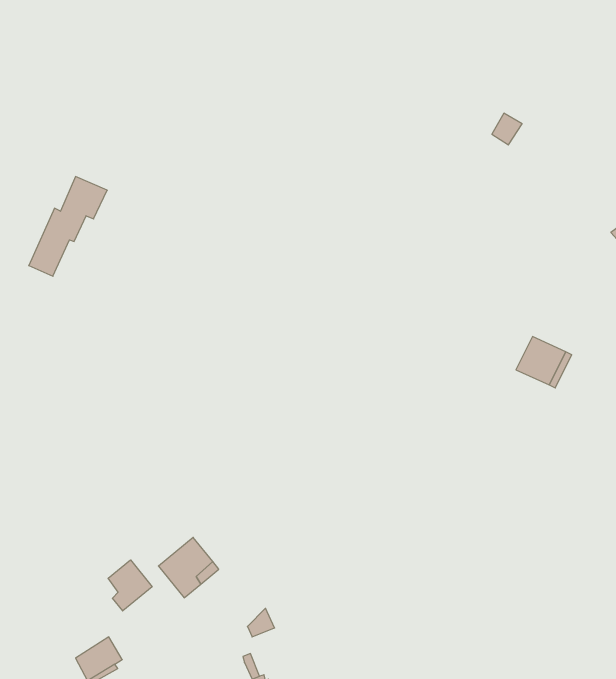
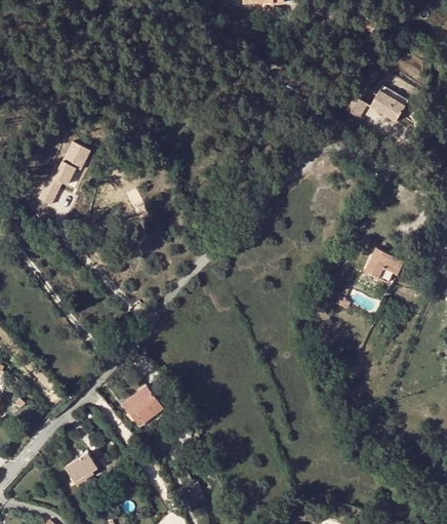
building: none -> [372,85,410,122]
building: [108,560,152,611] -> none

